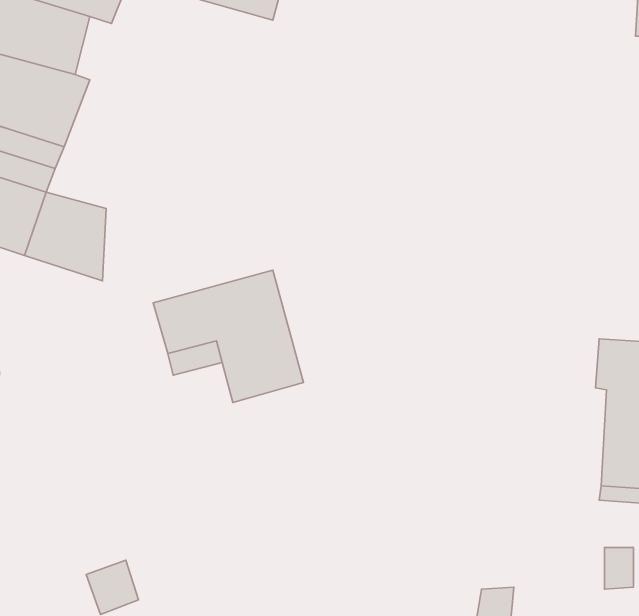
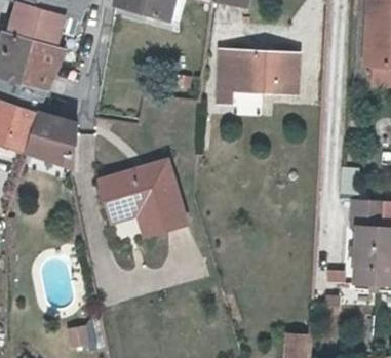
building: none -> [222,48,299,91]

